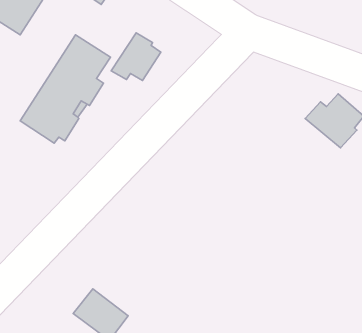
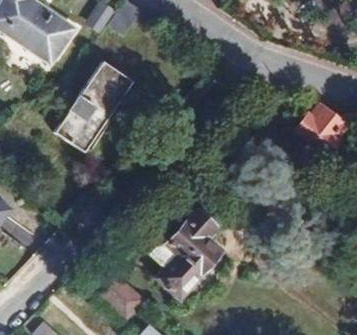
building: [111,33,161,81] -> none
building: none -> [147,212,218,298]

